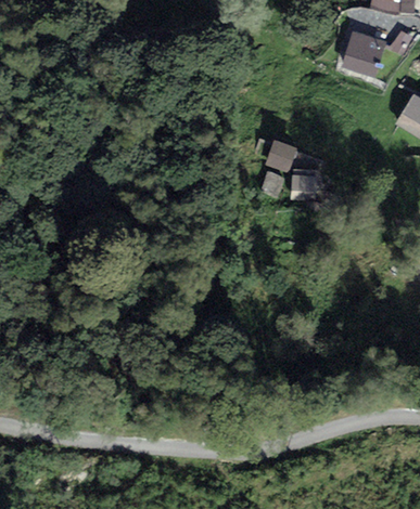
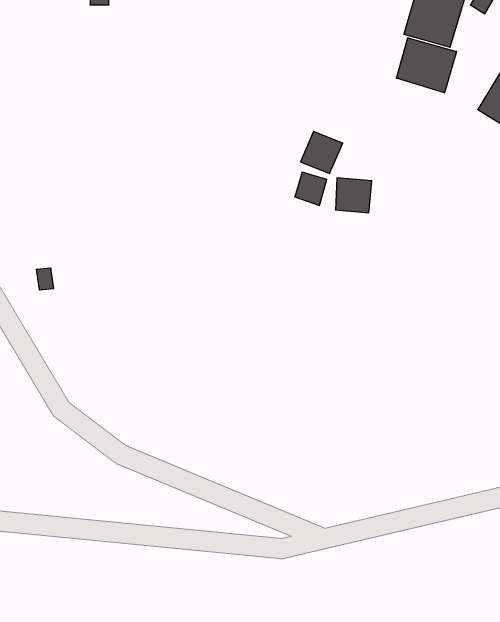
building: none -> [396,38,457,93]

